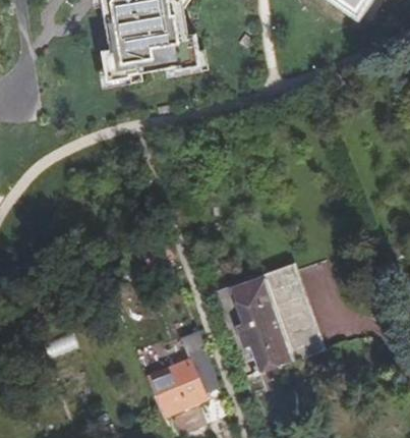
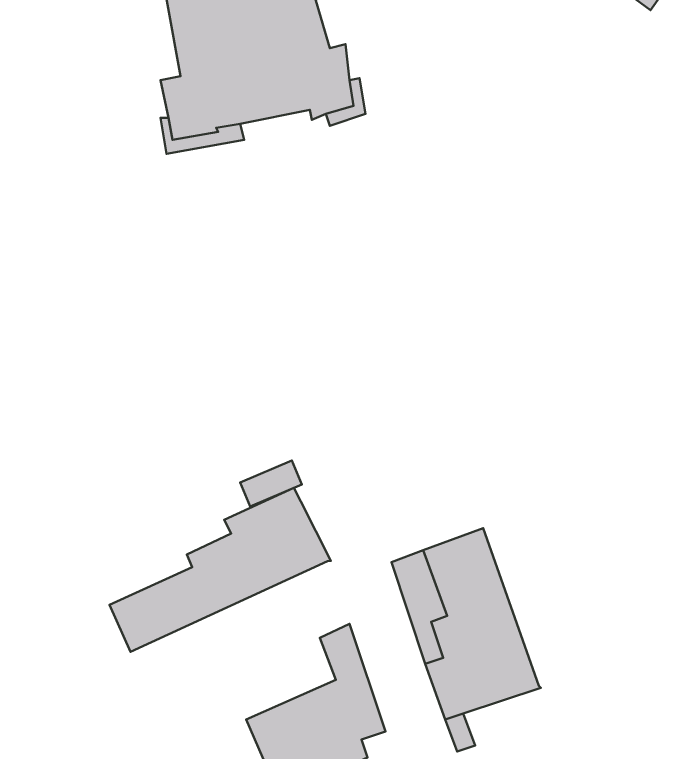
building: none -> [110,488,331,652]
building: [267,268,323,358] -> none

